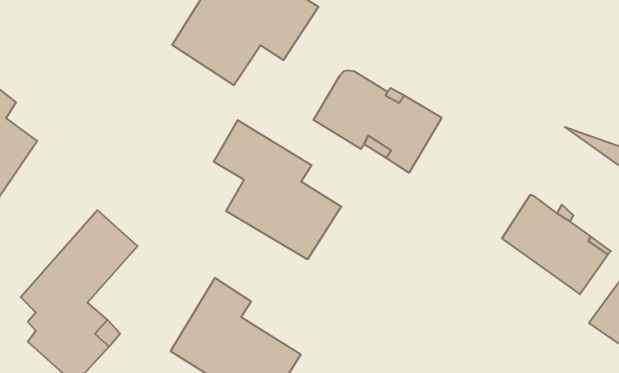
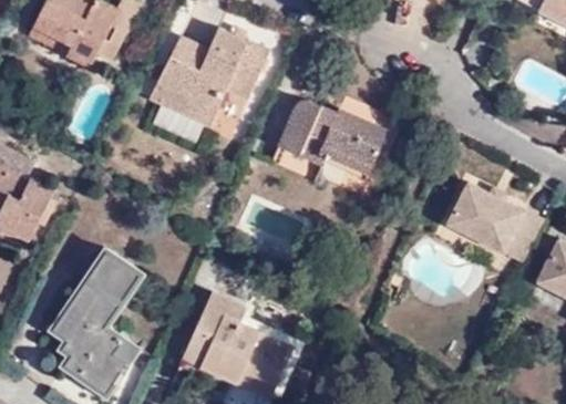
building: [214,120,341,259] -> none

